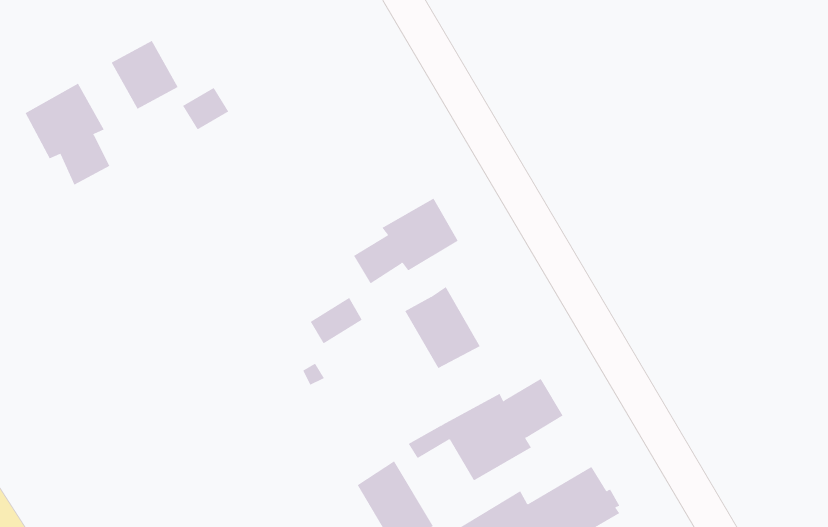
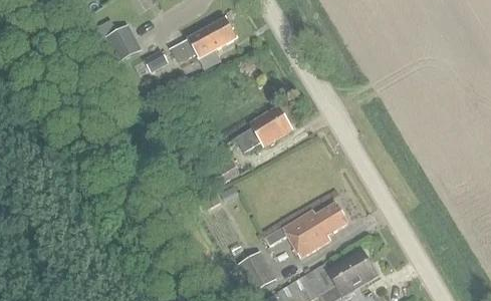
building: none -> [172,17,238,63]
building: [25,83,110,185] -> none
building: [404,286,480,369] -> none

